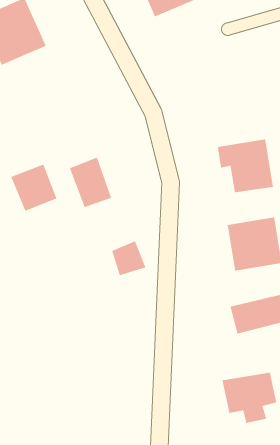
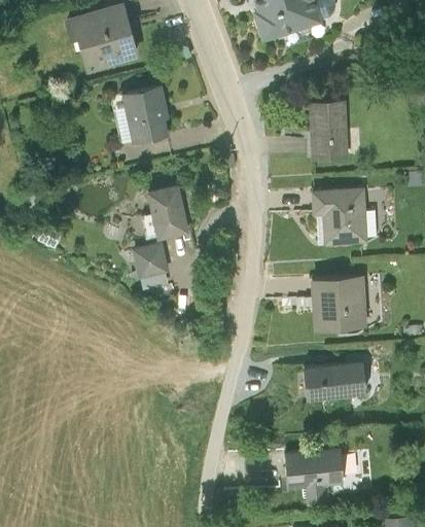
building: none -> [310,104,349,162]
building: none -> [120,86,170,144]
building: [10,164,57,212] -> none
building: [111,240,146,276] -> [133,244,169,281]

